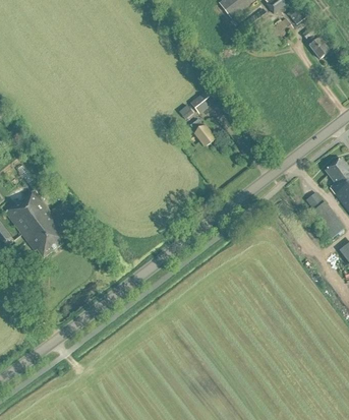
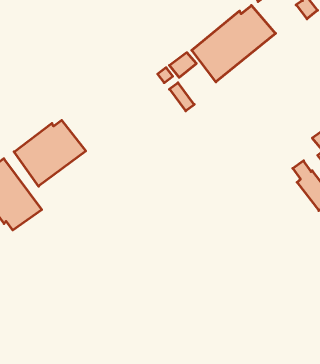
building: none -> [192,5,276,82]
building: none -> [14,120,86,186]

